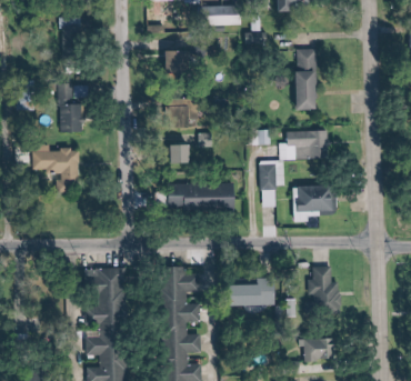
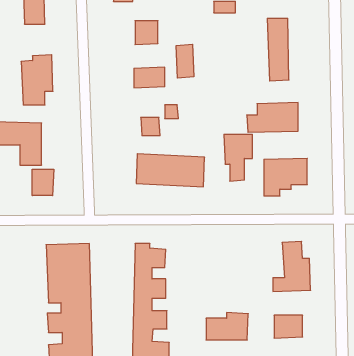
building: none -> [176,44,194,78]
building: none -> [32,169,54,196]
building: [233,278,274,304] -> [206,313,248,340]

